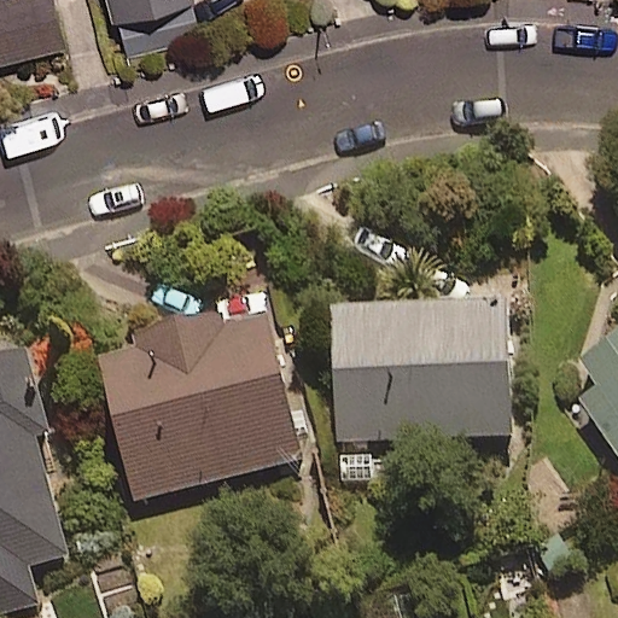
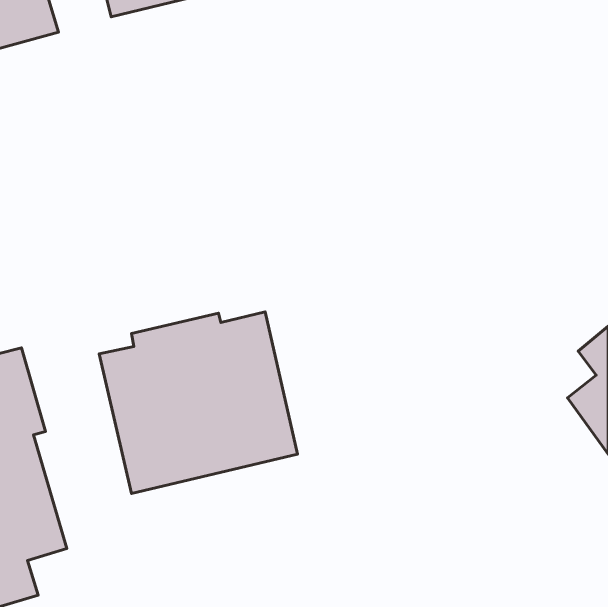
building: [332,301,512,441] -> none

